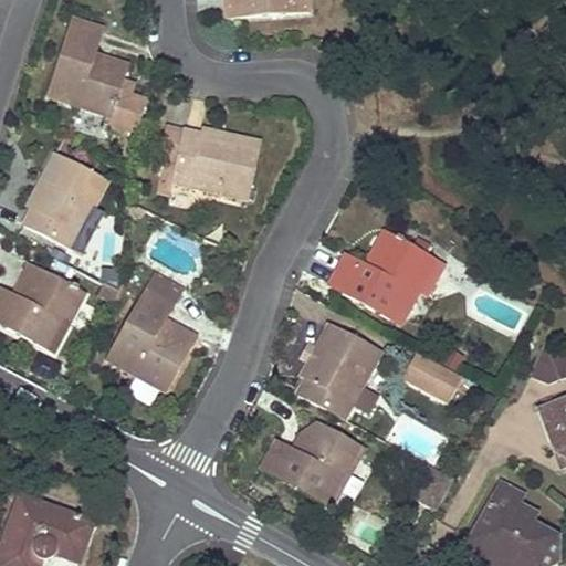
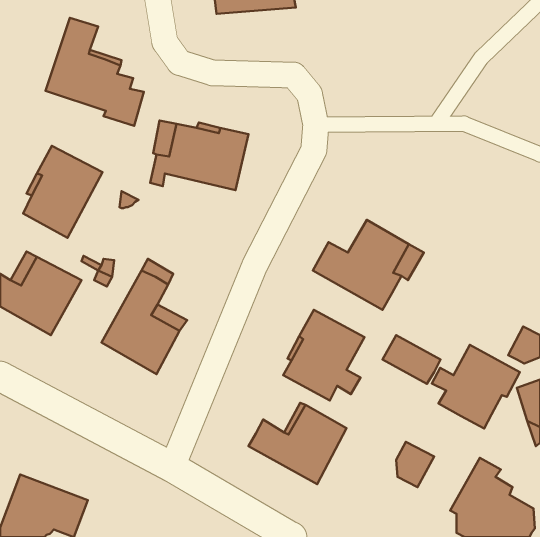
building: none -> [432,345,520,428]

